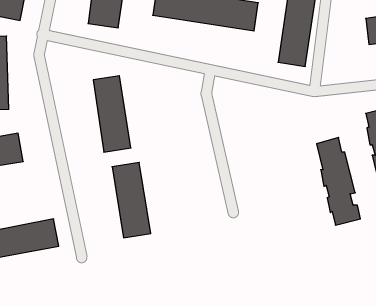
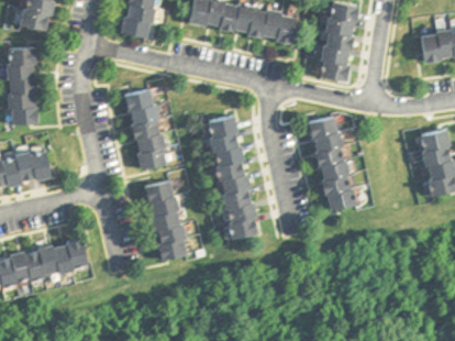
building: none -> [201,112,251,232]
building: [317,137,360,225] -> [303,111,349,204]

